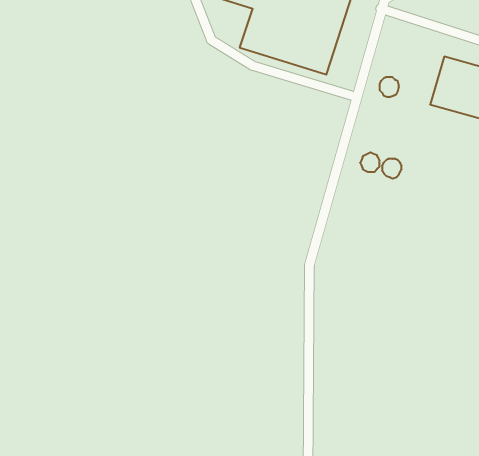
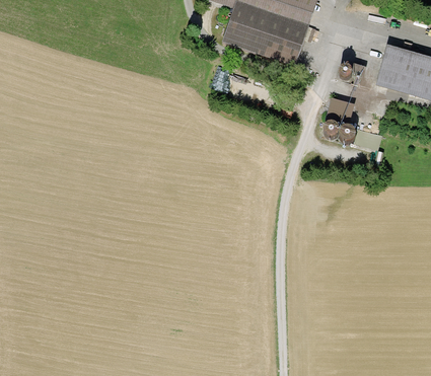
building: none -> [326,94,355,122]

